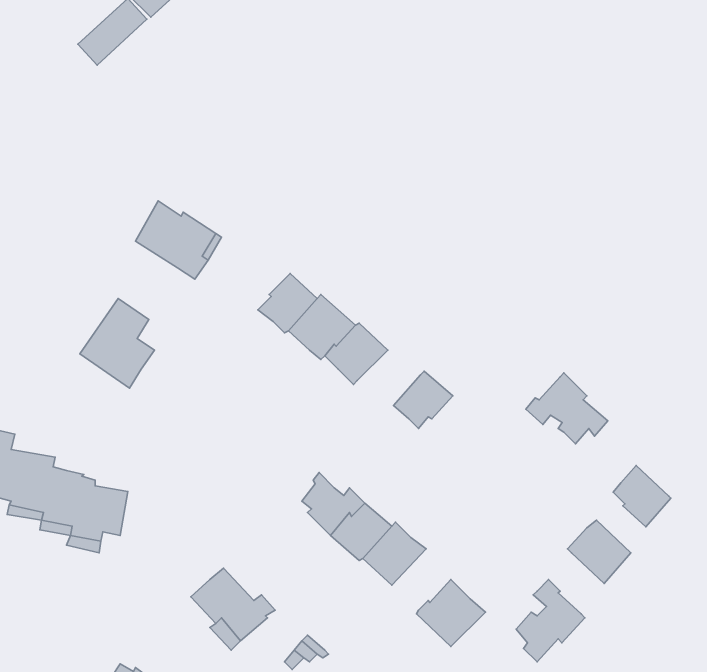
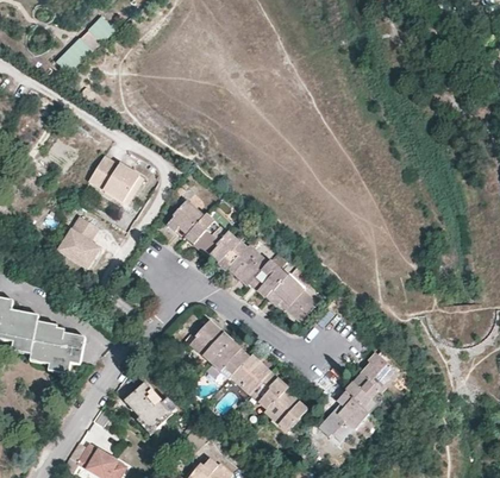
building: none -> [229,245,268,284]
building: [526,373,608,444] -> [267,273,318,317]
building: [613,466,671,527] -> [348,373,383,411]
building: none -> [250,371,288,409]

